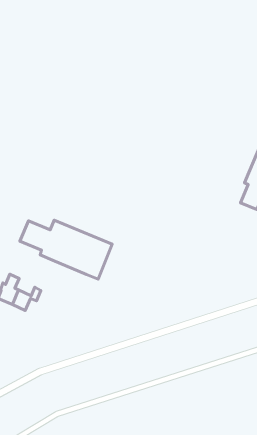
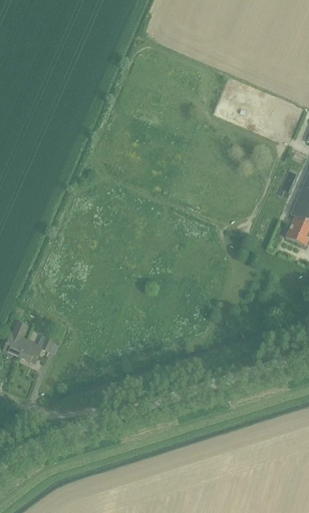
building: [20,220,112,279] -> none

